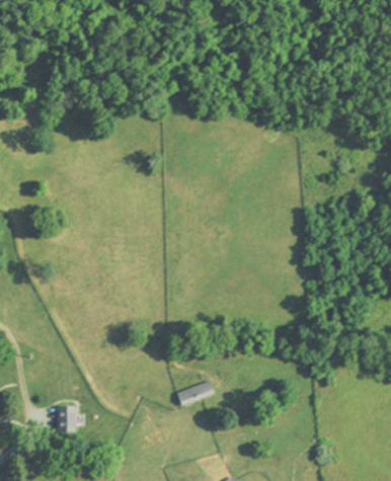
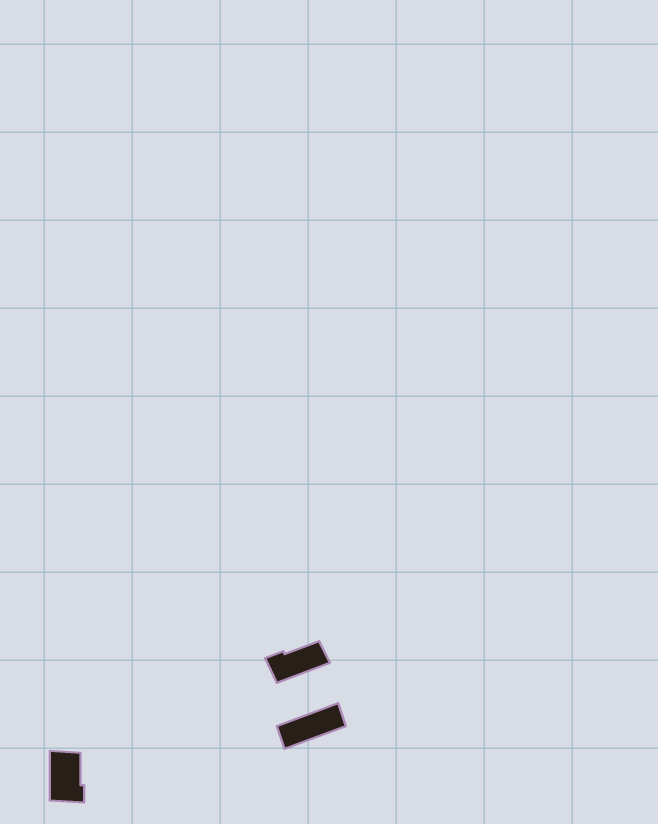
building: none -> [265,641,330,683]

